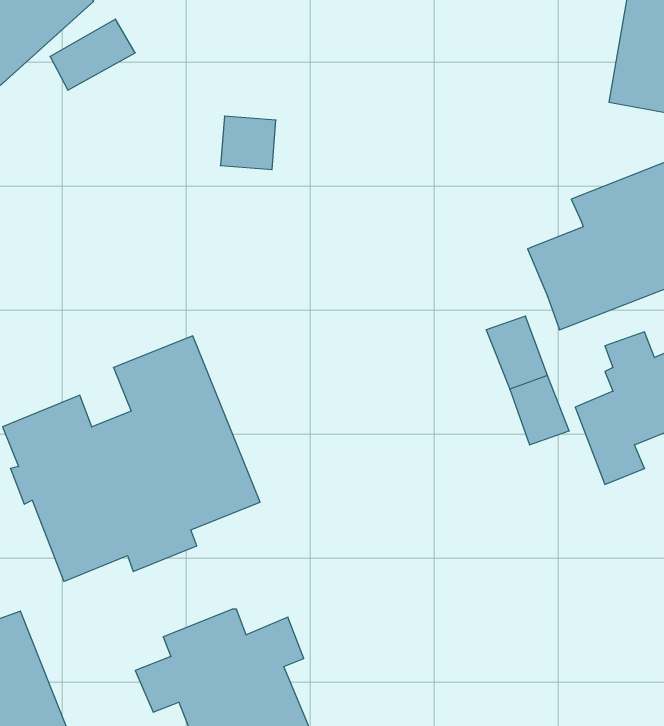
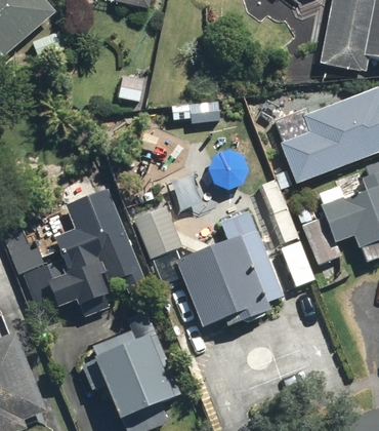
building: none -> [134,204,284,328]

